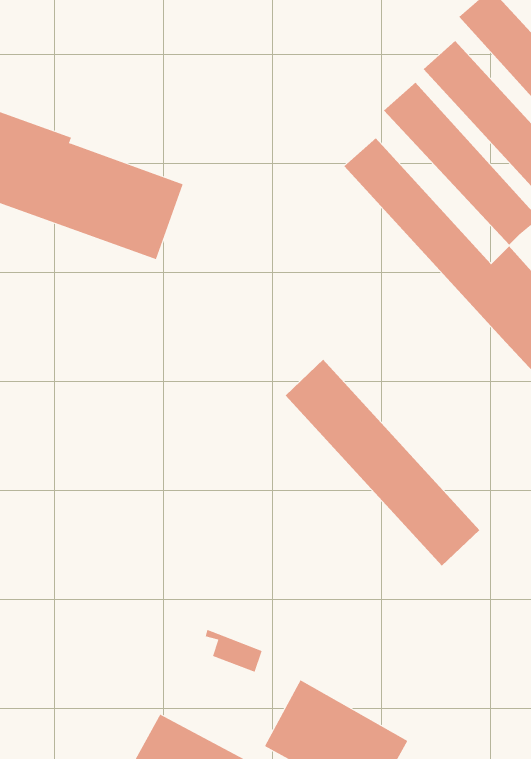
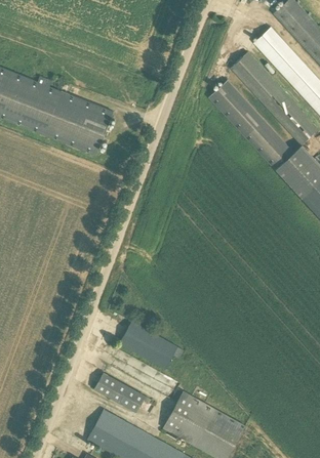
building: [285,359,480,567] -> none
building: none -> [119,322,177,369]
building: none -> [93,371,145,412]

